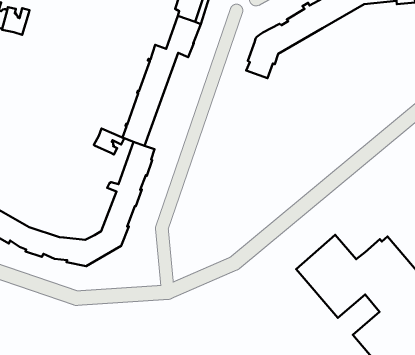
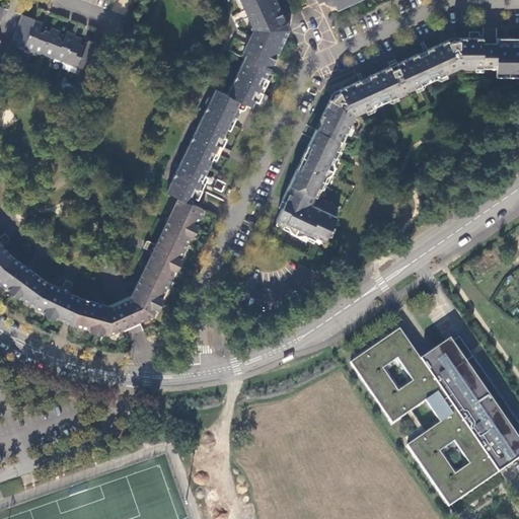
building: none -> [64,39,96,73]
building: none -> [275,130,340,242]
building: [94,129,124,155] -> none

